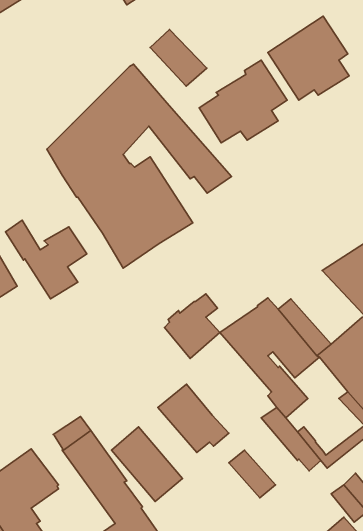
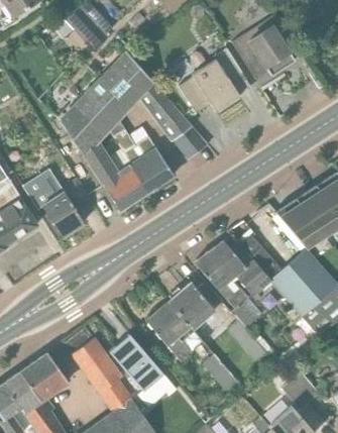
building: [150,29,207,86] -> [66,6,110,50]
building: [164,294,220,358] -> [168,276,212,326]

